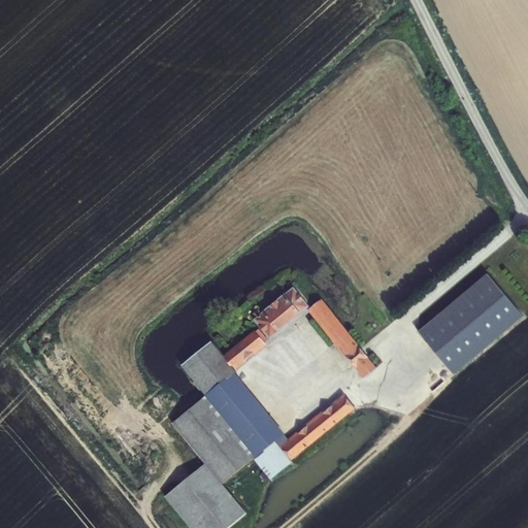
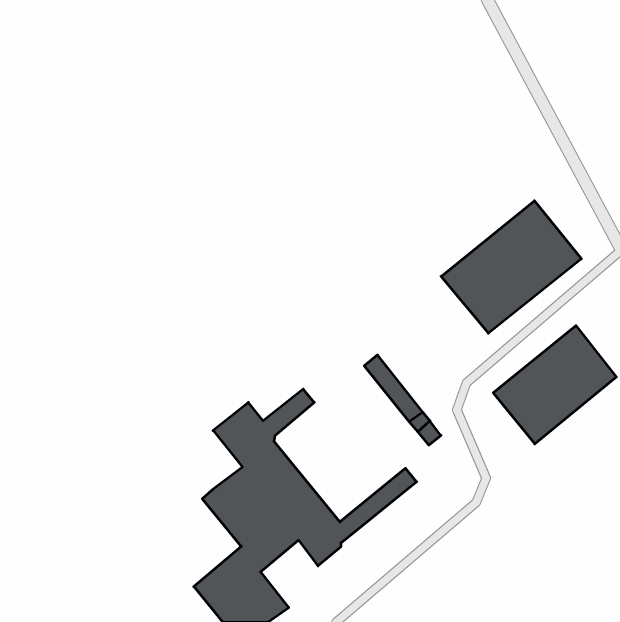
building: none -> [441,201,581,333]
building: [252,287,307,338] -> none

